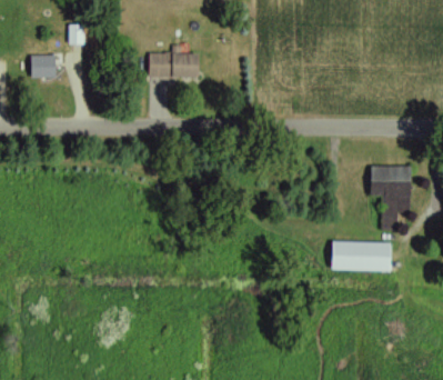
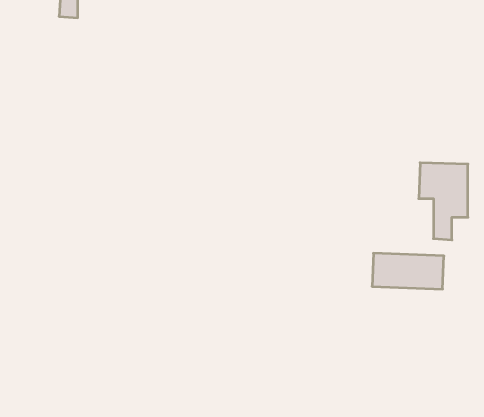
building: [149,52,198,78] -> none
building: [31,54,57,78] -> none

